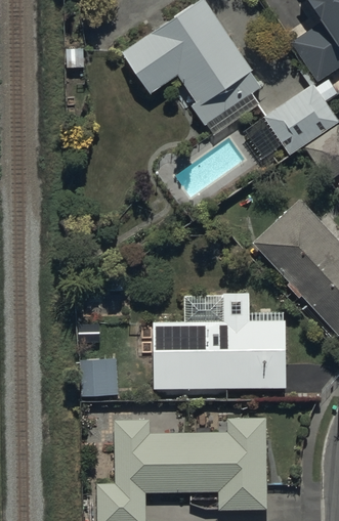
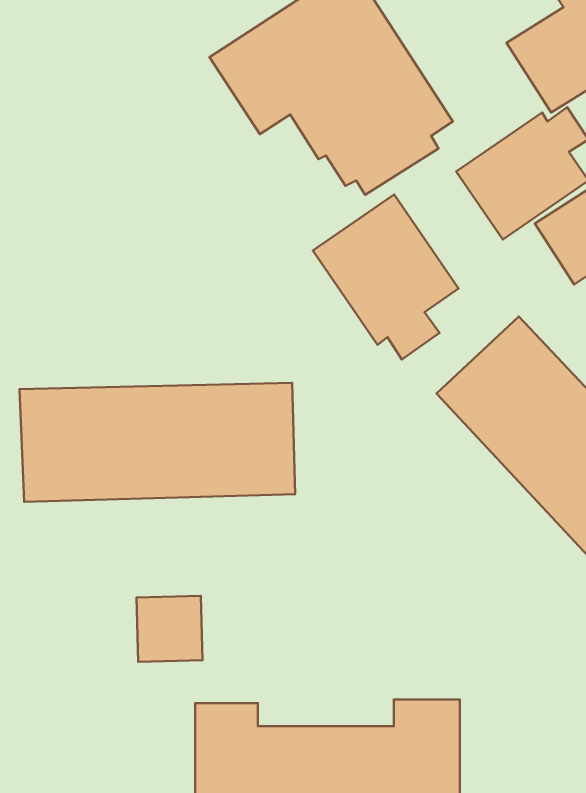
building: none -> [313,195,459,359]
building: none -> [19,383,295,502]
building: [153,294,286,388] -> none

